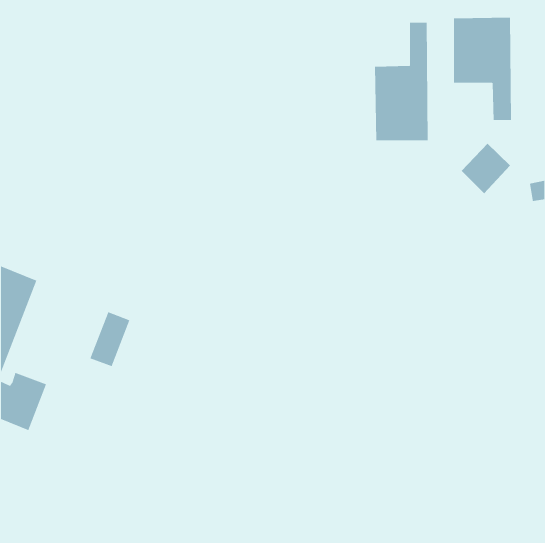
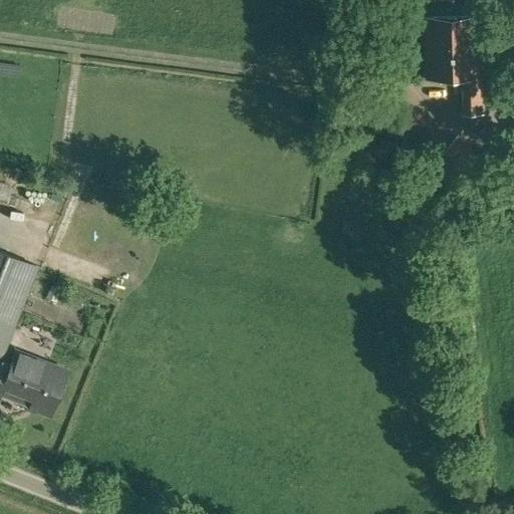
building: [375,22,428,141] -> none
building: [90,311,130,367] -> [27,363,65,416]

